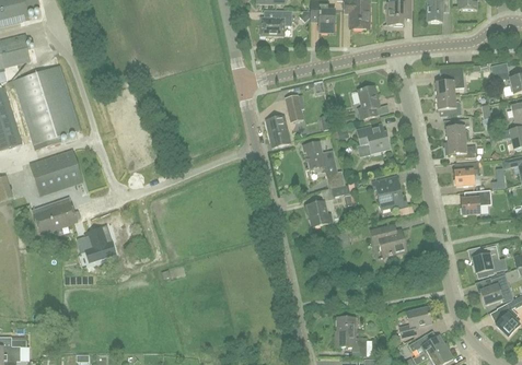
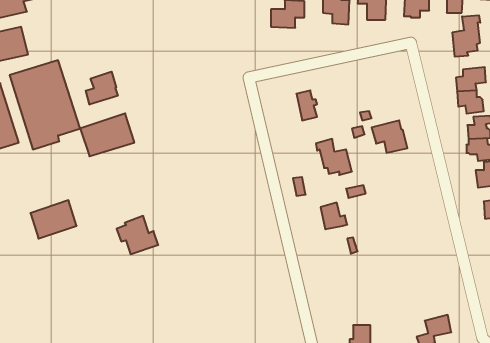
building: none -> [453,15,480,57]
building: none -> [86,72,118,105]
building: [357,86,379,119] -> none
building: [265,113,291,146] -> none
building: [30,150,81,190] -> [80,113,134,156]
building: [371,177,407,210] -> none
building: [371,224,406,256] -> none
building: [76,226,115,262] -> [117,216,158,254]

